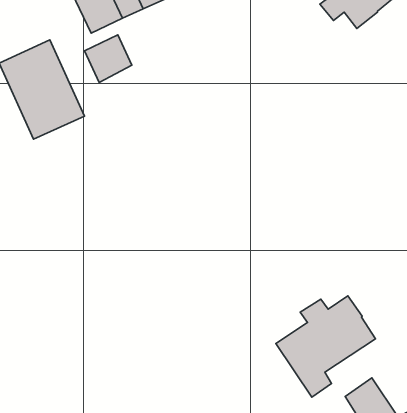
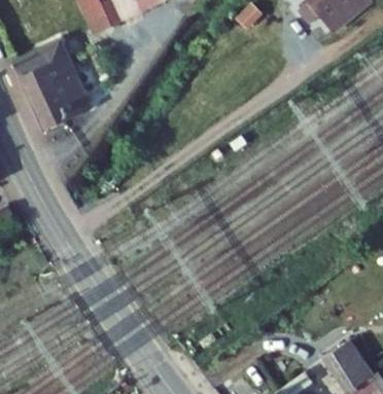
building: [85,35,132,83] -> none
building: [276,296,376,397] -> none

